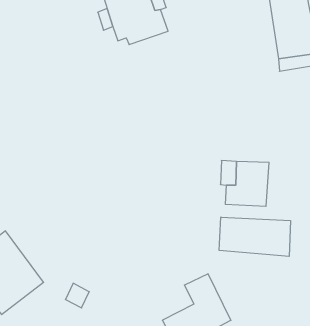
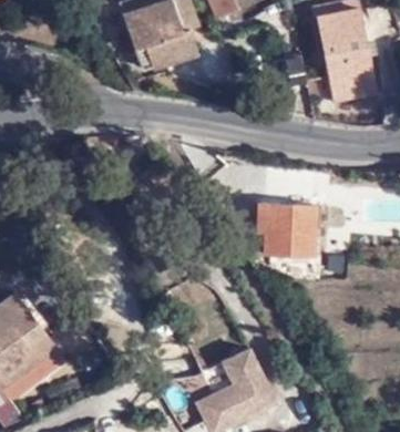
building: [219,217,290,256] -> none

